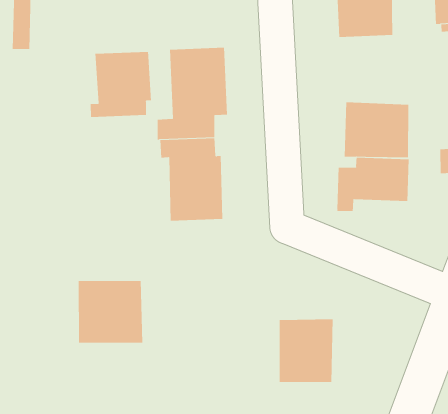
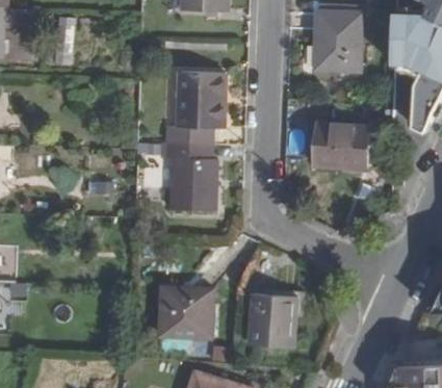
building: [90,51,152,118] -> none
building: [337,157,409,212] -> none
building: [78,280,143,343] -> [159,285,213,338]

